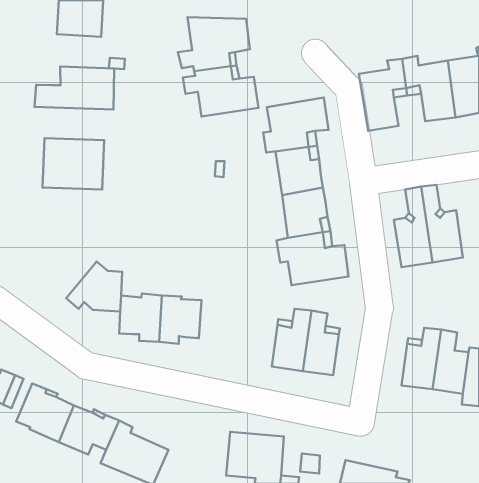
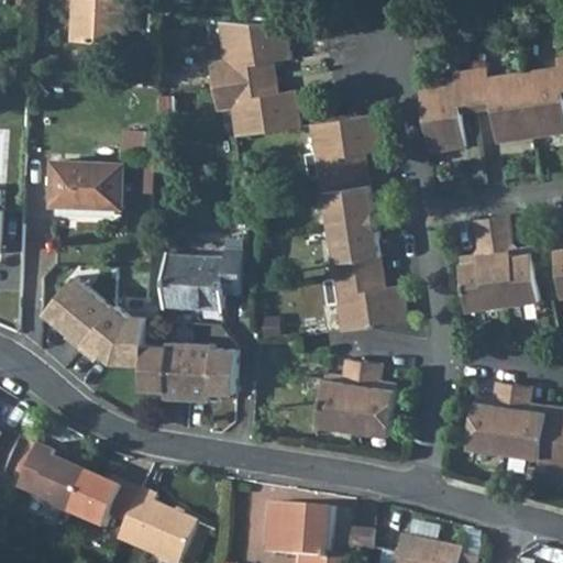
building: [35,67,114,109] -> none
building: none -> [163,247,242,309]
building: none -> [42,276,110,347]

